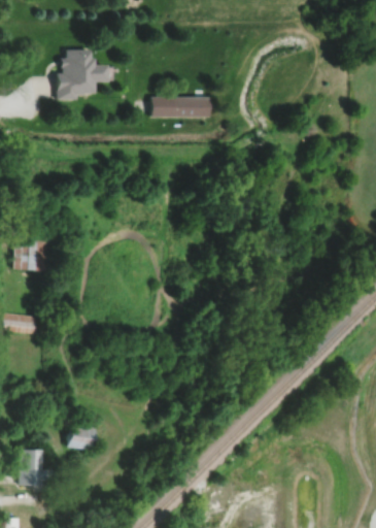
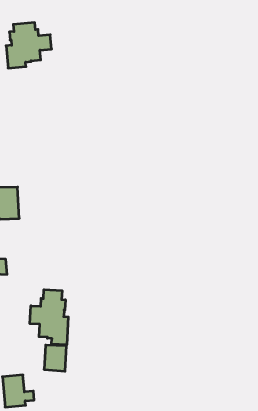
building: [151,97,210,117] -> none
building: none -> [30,290,68,345]

